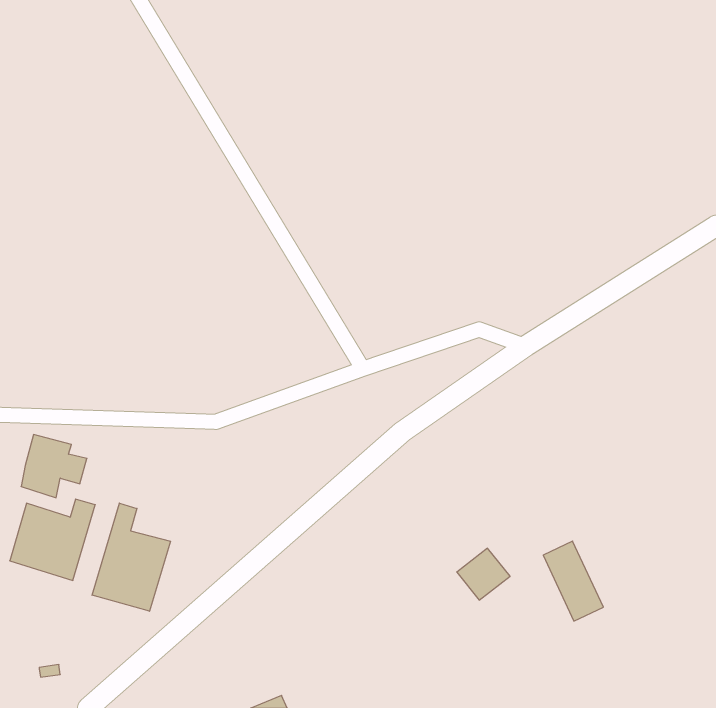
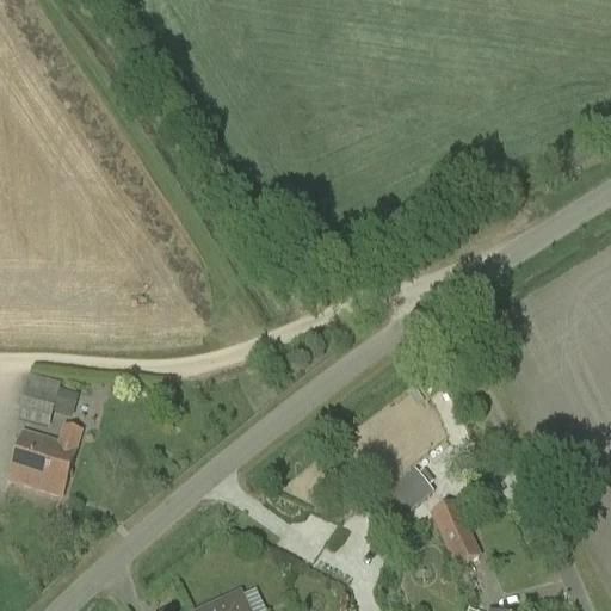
building: [92,503,170,611] -> none
building: [543,541,603,621] -> [430,498,481,566]

